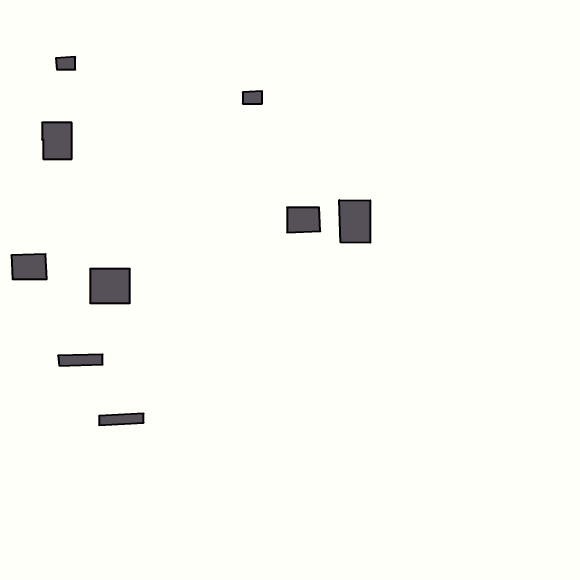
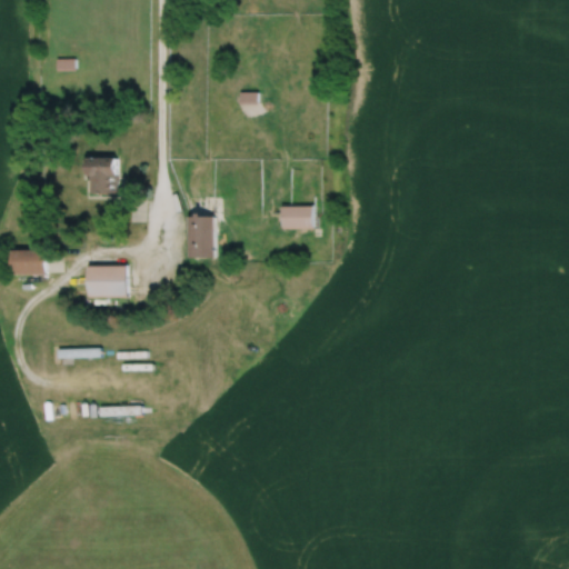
building: [42,123,72,159] -> [87,158,116,193]
building: [339,200,370,243] -> none
building: none -> [186,217,213,258]

